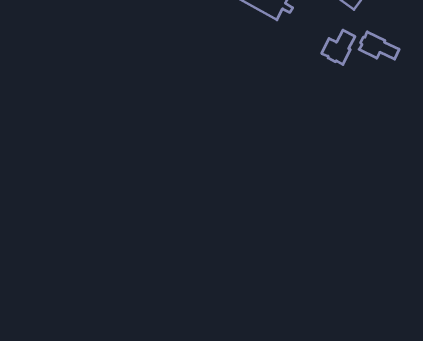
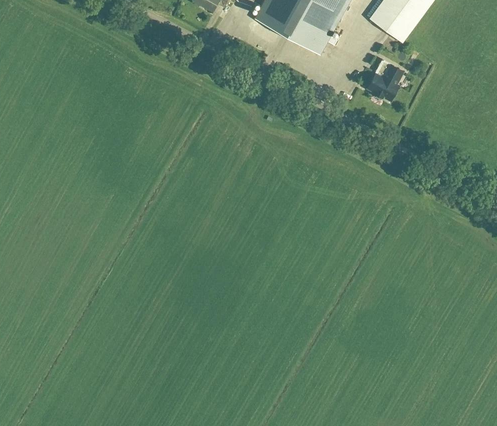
building: [359,32,399,59] -> none

